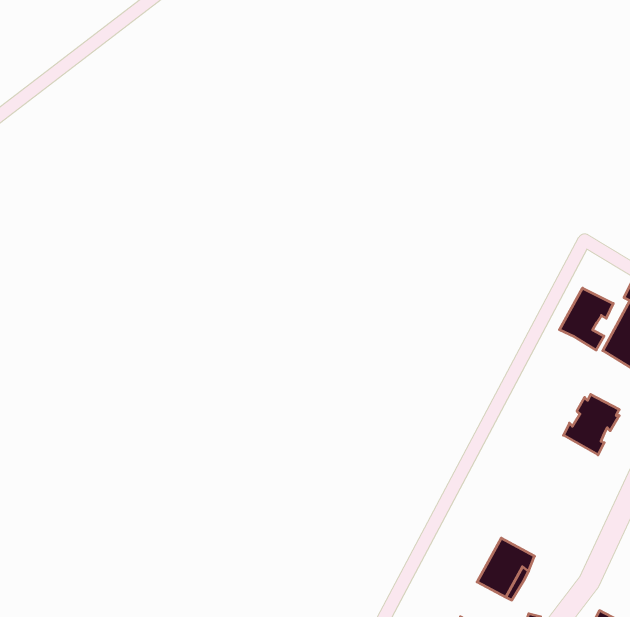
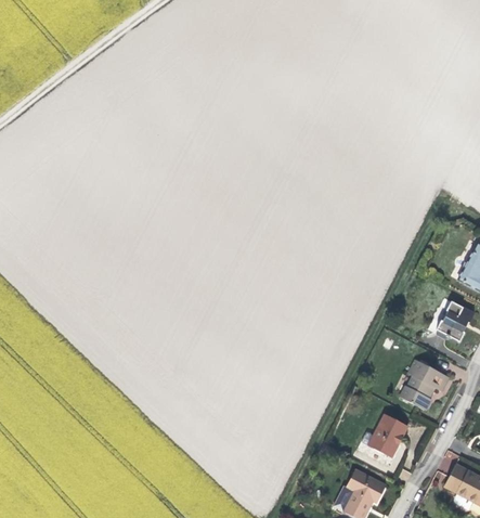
building: [559,288,613,350] -> none
building: none -> [401,359,449,411]

